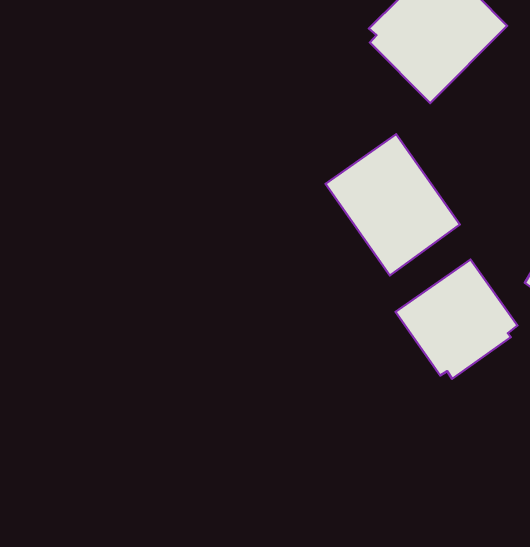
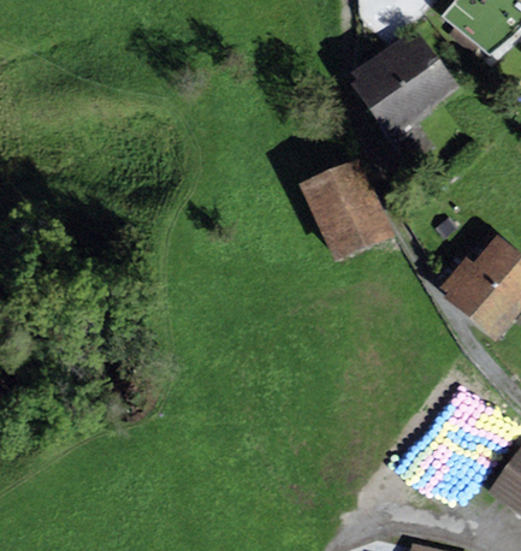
building: [396,260,517,379] -> none

